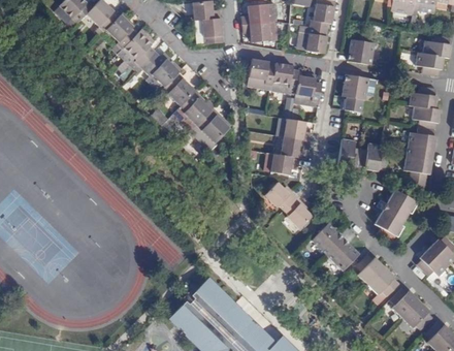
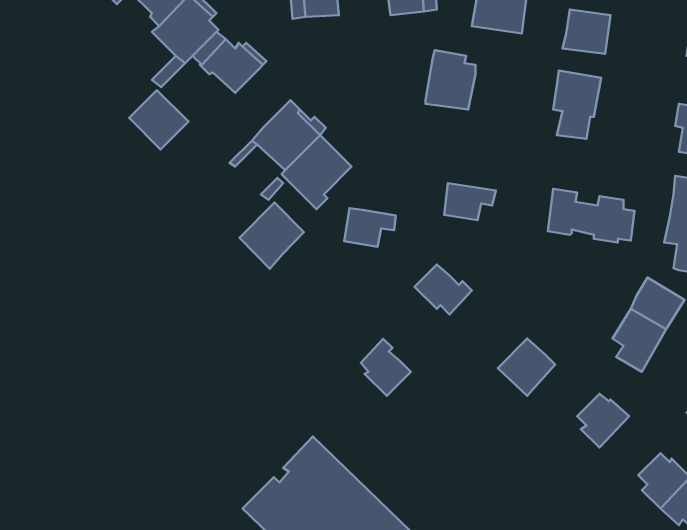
building: [248,59,275,90] -> none
building: [163,72,196,105] -> [129,90,188,149]
building: [294,75,322,106] -> none
building: [284,119,312,140] -> none
building: none -> [239,203,304,269]
building: [271,153,300,174] -> [344,208,396,247]
building: [285,196,313,228] -> [361,339,411,396]
building: [328,237,360,269] -> none
building: [368,266,398,305] -> none

